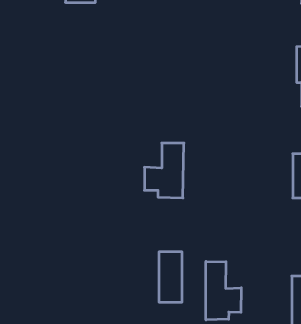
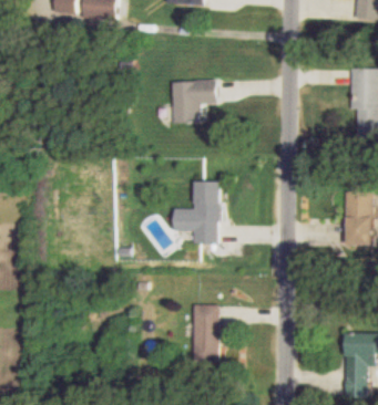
building: none -> [173,81,217,123]
building: [206,261,241,320] -> none

